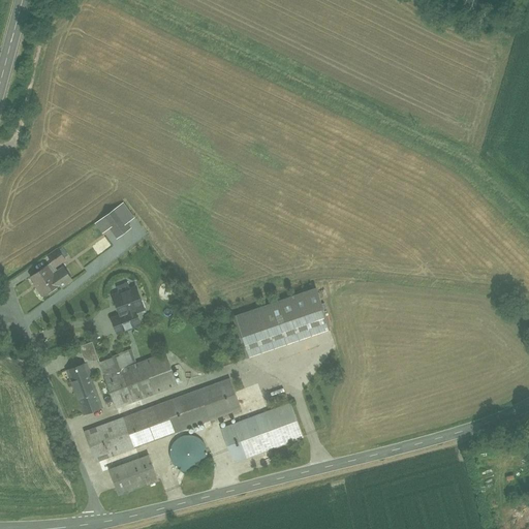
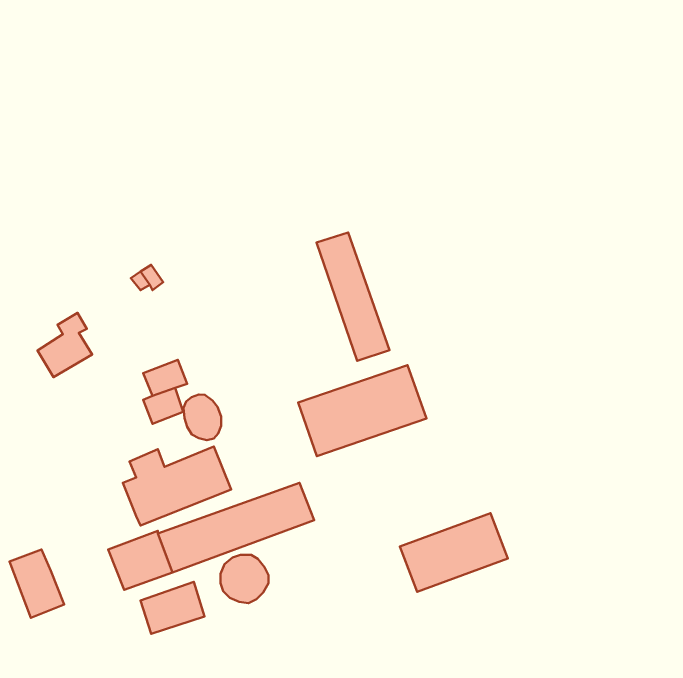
building: none -> [317,232,390,361]
building: none -> [184,394,221,440]
building: [63,361,105,413] -> [9,550,64,618]
building: [221,401,305,462] -> [400,513,508,592]

